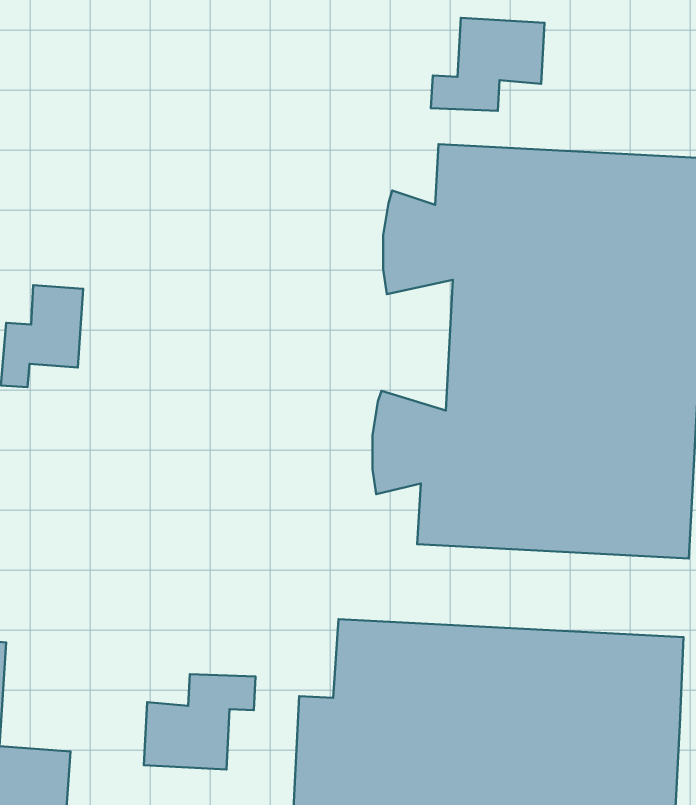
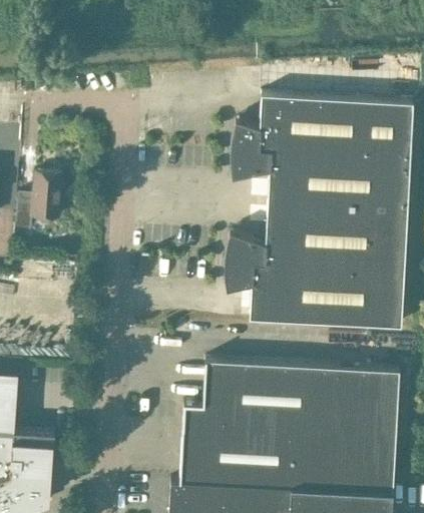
building: [431,18,545,111] -> none
building: [144,674,256,770] -> none

